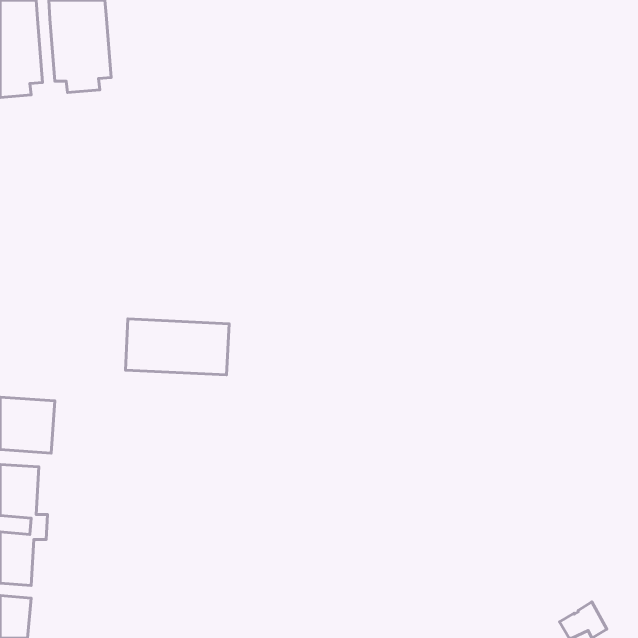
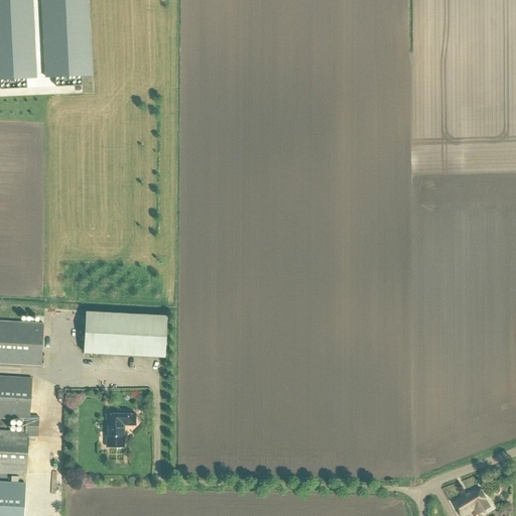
building: [125,319,229,375] -> [84,312,167,358]
building: none -> [106,412,134,445]

